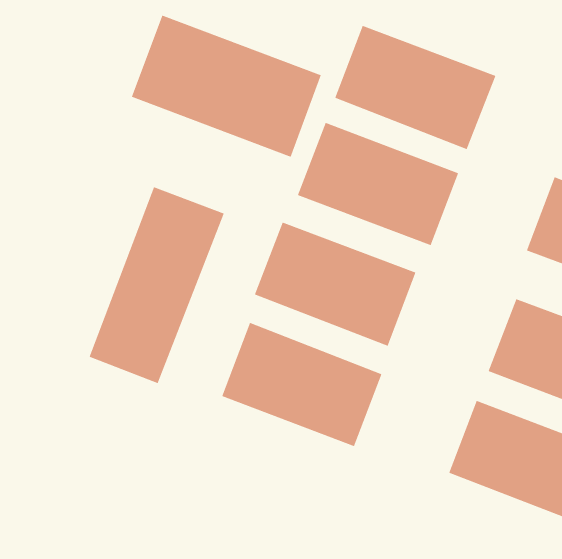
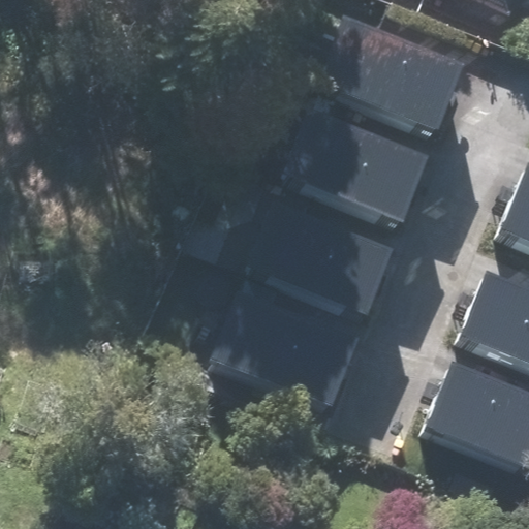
building: [131,14,322,158] -> none
building: [88,186,225,384] -> none

